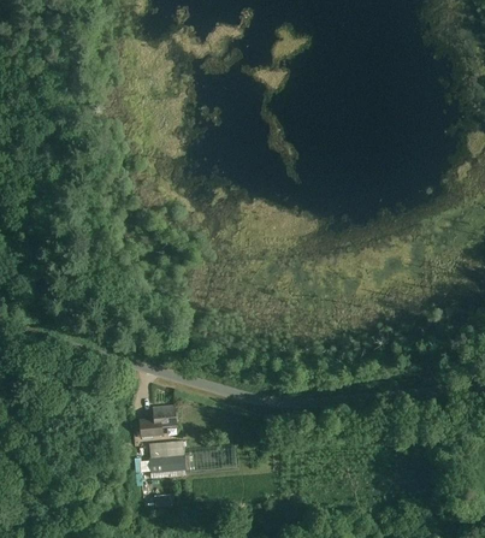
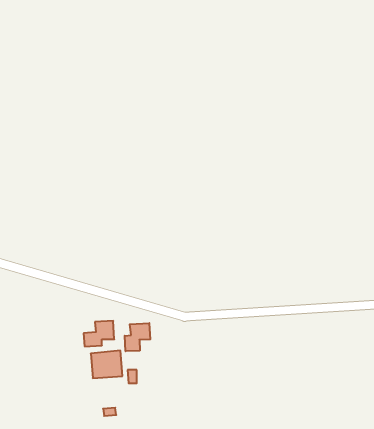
building: none -> [125,323,150,351]

